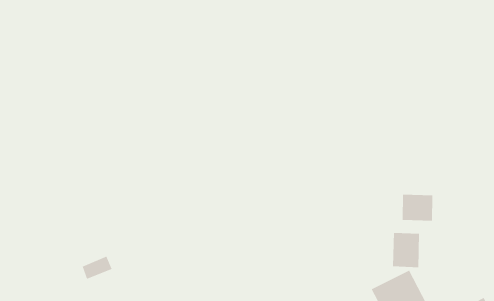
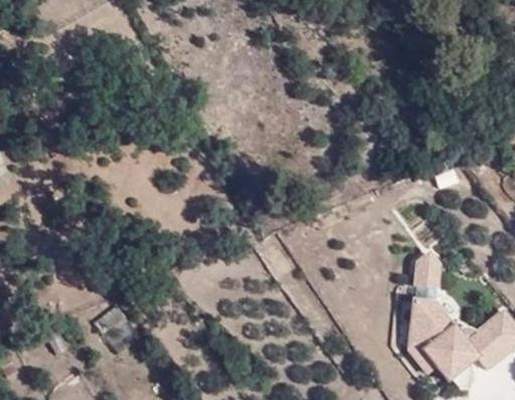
building: [402,194,433,221] -> none

